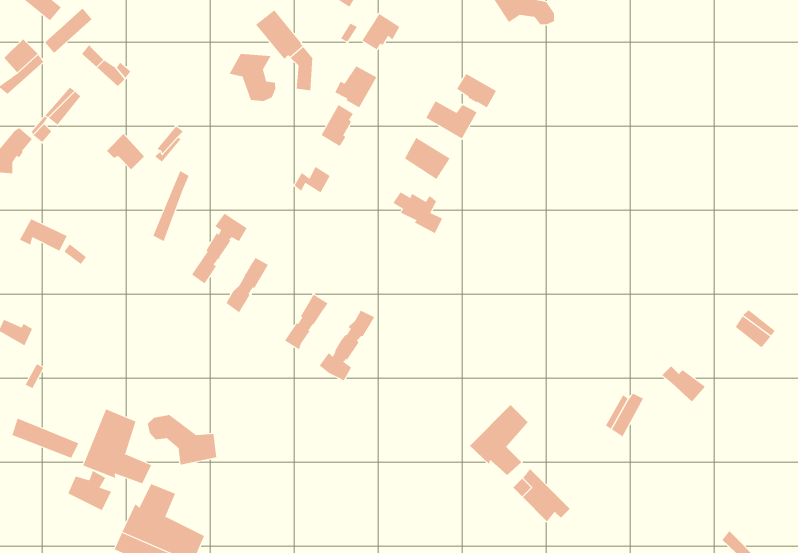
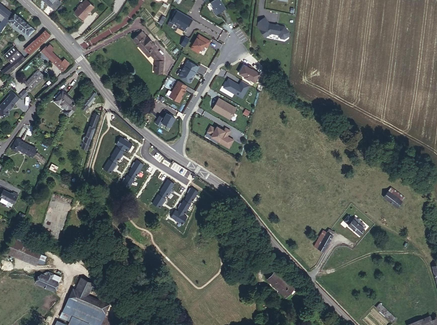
building: [229,53,276,102] -> none
building: [469,404,528,476] -> none
building: [82,409,152,484] -> none
building: [147,414,217,465] -> none

